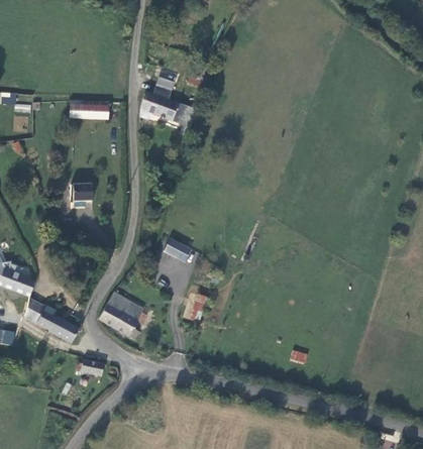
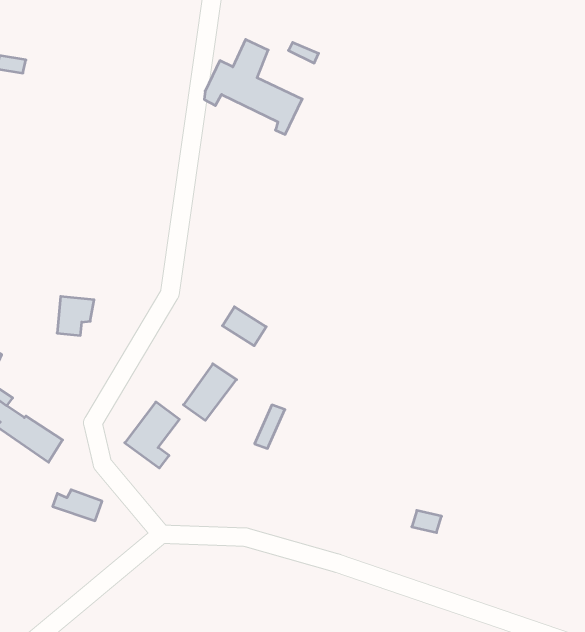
building: [72,99,109,116] -> none
building: [73,184,93,206] -> [57,296,94,335]
building: [98,292,128,326] -> [183,364,237,420]

